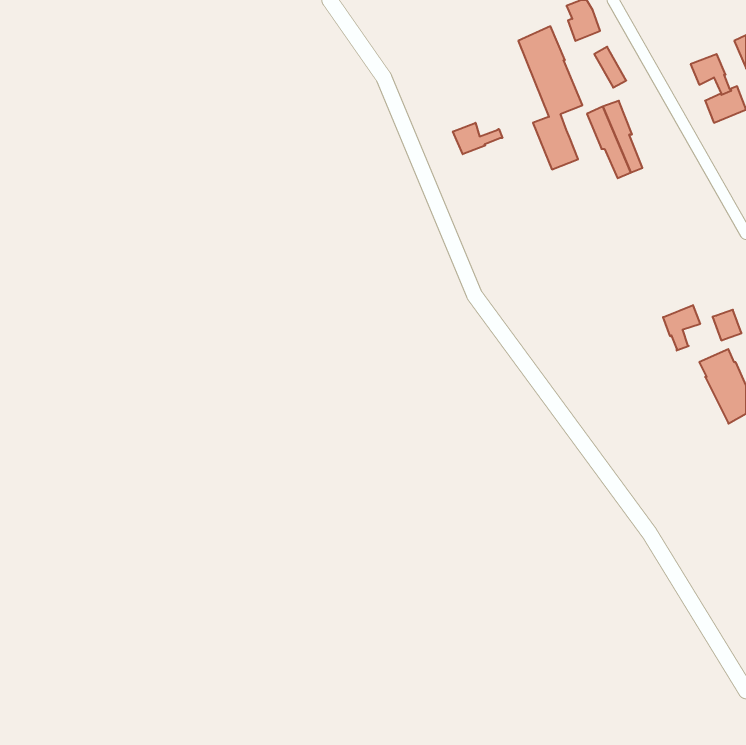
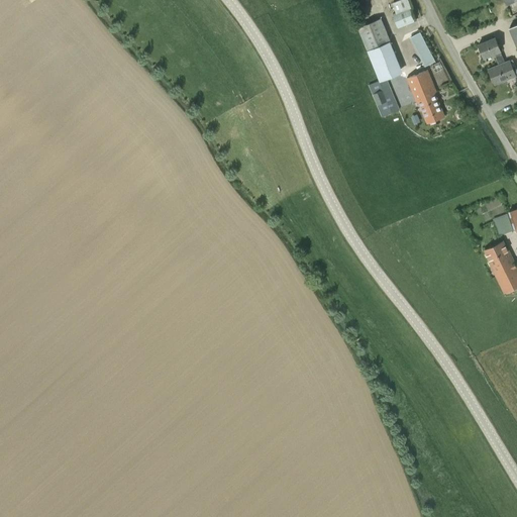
building: [453,123,502,154] -> none
building: [663,305,700,351] -> none

